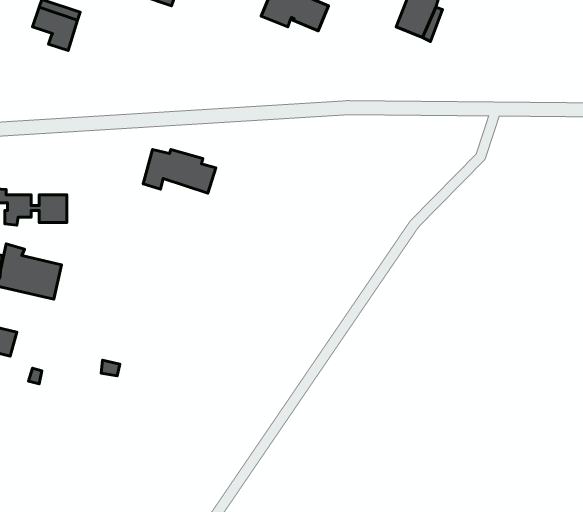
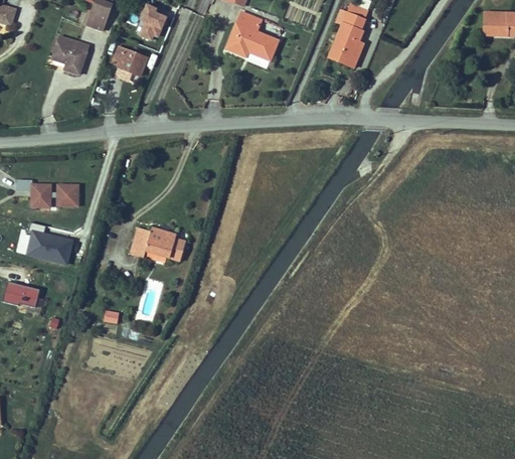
building: none -> [113,46,147,75]
building: [143,149,216,193] -> [131,227,186,261]

